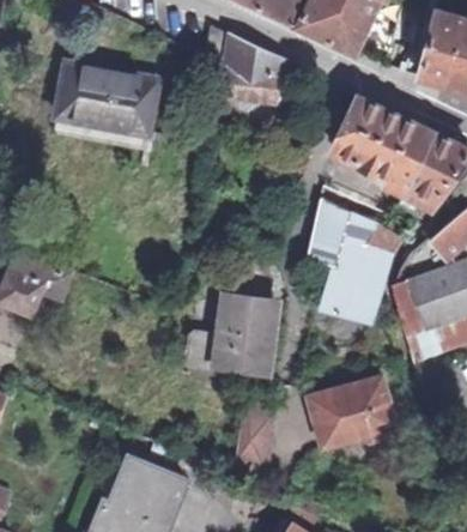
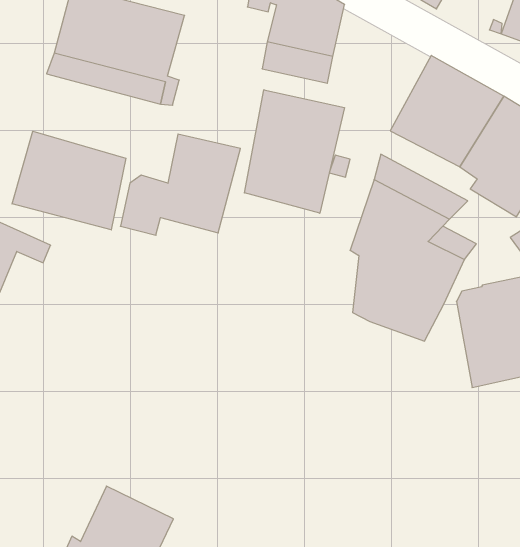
building: none -> [244,90,344,213]
building: none -> [12,131,126,230]
building: [187,295,277,376] -> [120,134,240,235]
building: [308,382,394,446] -> none
building: [231,404,275,466] -> none

